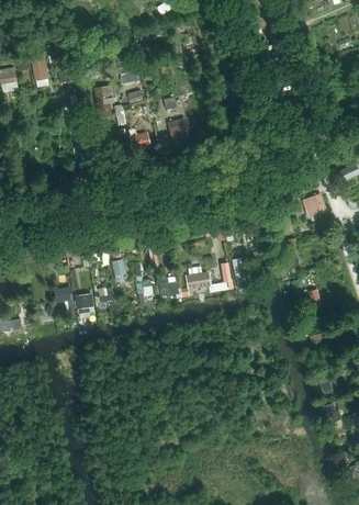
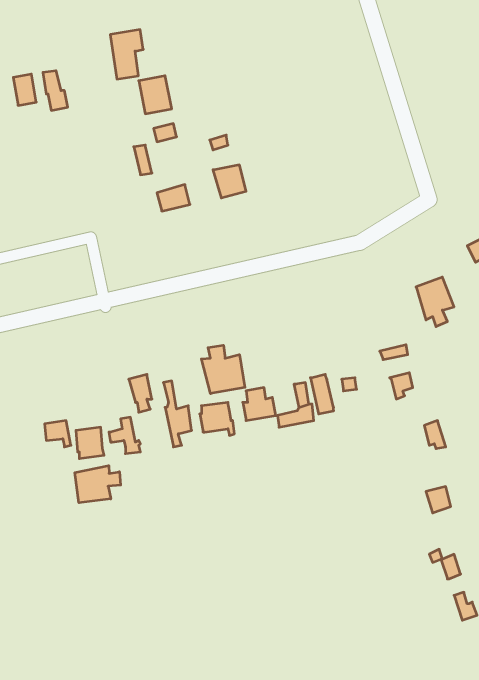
building: [93,85,115,117] -> [110,30,143,79]
building: none -> [201,345,245,394]
building: none -> [75,466,121,503]

